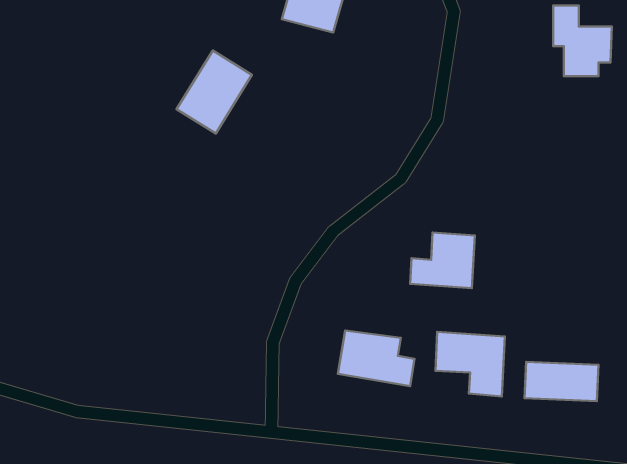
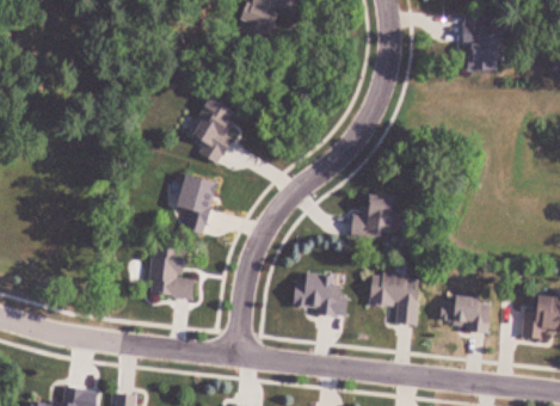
building: [177,51,252,133] -> [184,96,244,161]
building: none -> [176,173,217,234]
building: none -> [146,246,193,297]

